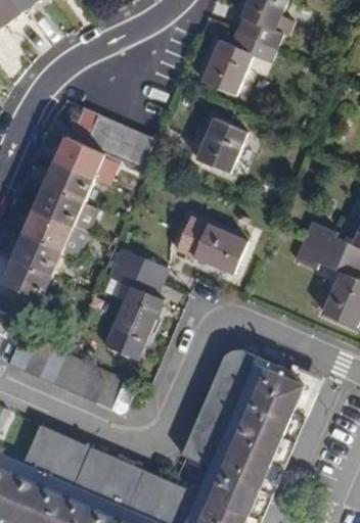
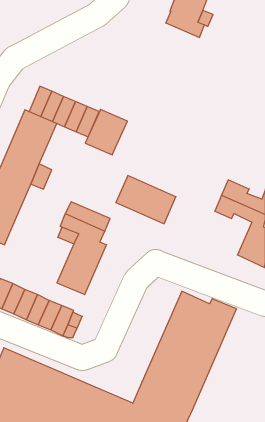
building: [201,31,276,94] -> none
building: [195,117,246,173] -> [85,109,127,155]
building: [180,348,255,465] -> none

